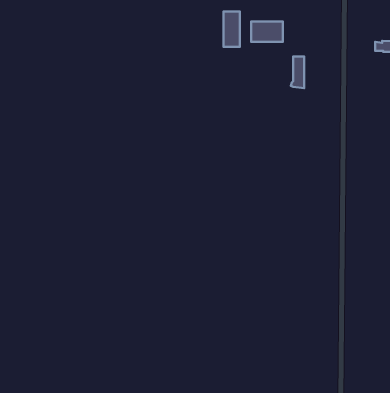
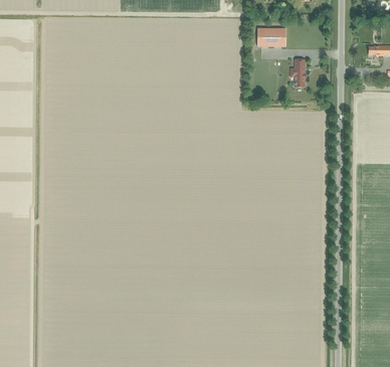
building: [224,11,240,47] -> none

